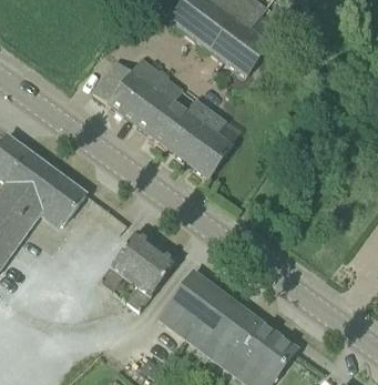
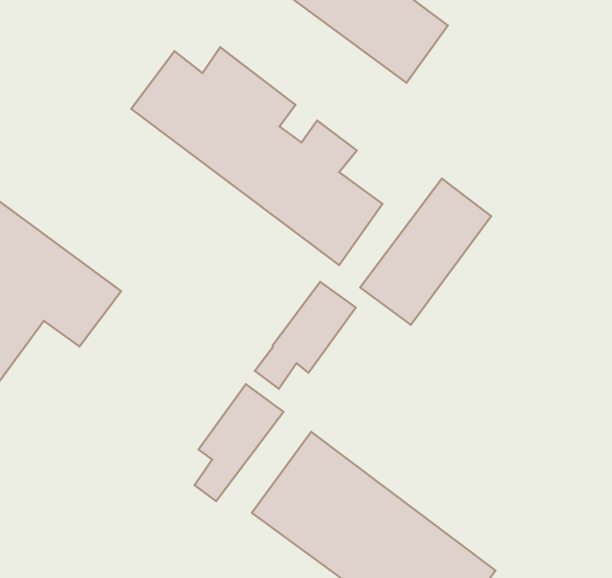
building: none -> [360,179,491,325]
building: [100,230,156,290] -> [255,282,356,389]

